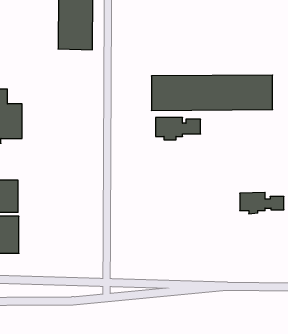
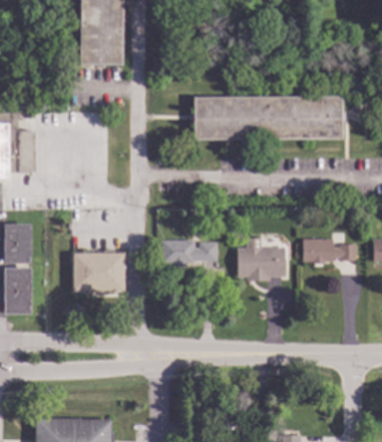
building: [156,118,201,140] -> [162,240,218,267]
building: none -> [238,238,286,281]
building: none -> [74,252,124,291]

